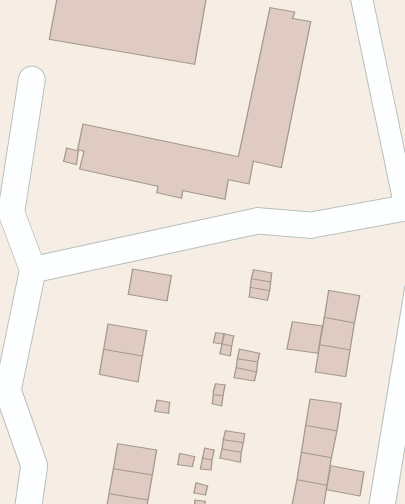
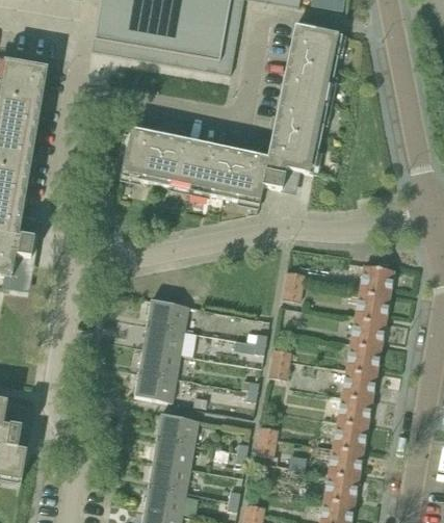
building: none -> [360,263,394,294]
building: [128,269,172,301] -> [149,297,190,328]
building: [287,322,323,353] -> [342,367,376,397]
building: none -> [136,369,178,400]
building: none -> [158,412,200,442]
building: [327,466,364,496] -> none

